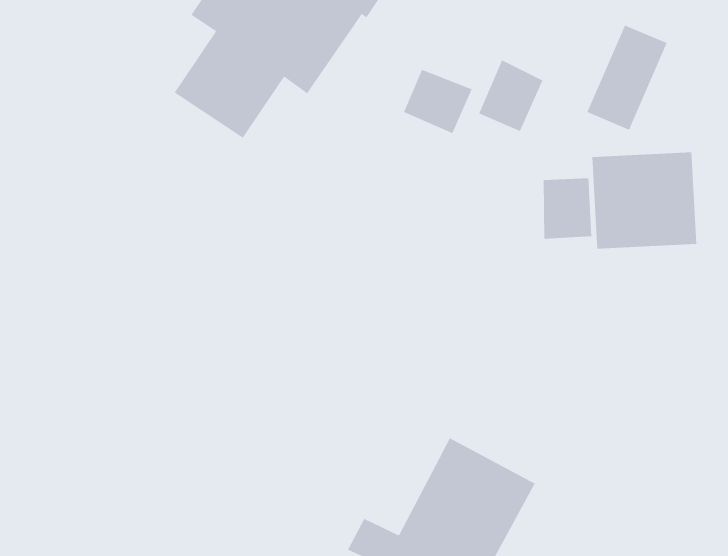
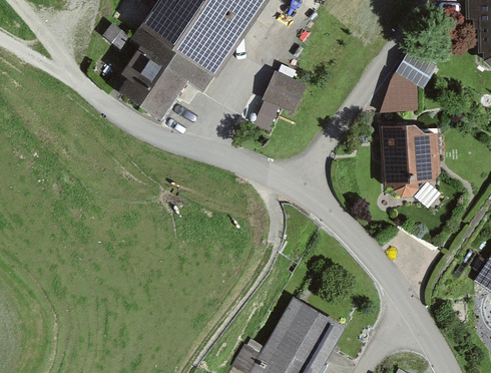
building: [479,59,543,132] -> none
building: [543,178,592,240] -> none

